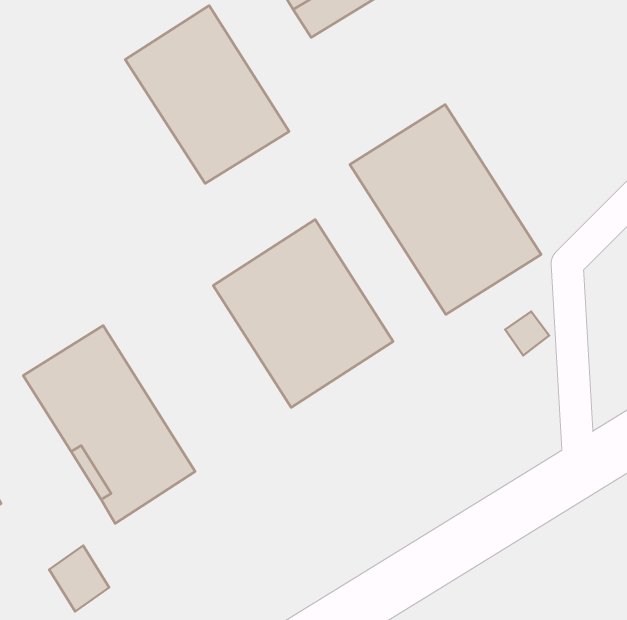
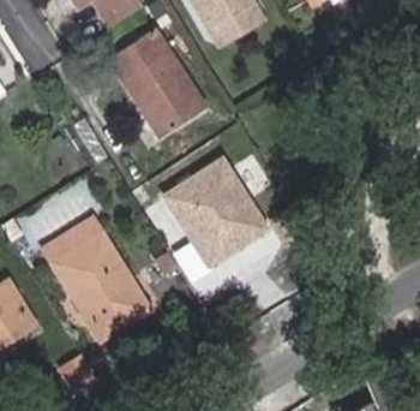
building: [350,104,541,314] -> none

